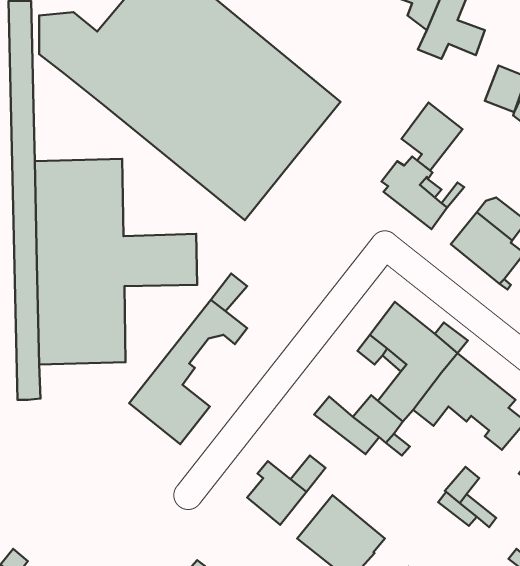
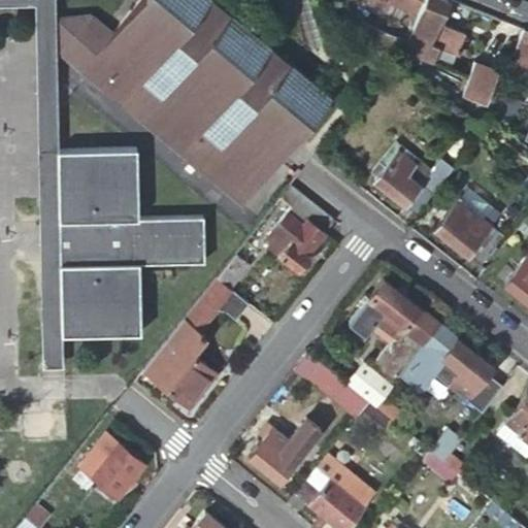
building: [401,103,463,170] -> none
building: none -> [267,186,335,272]
building: none -> [79,434,146,500]

